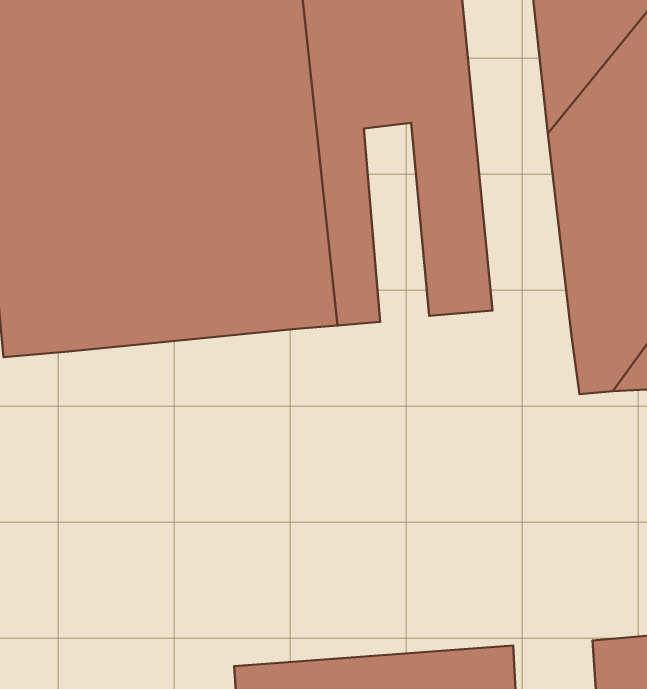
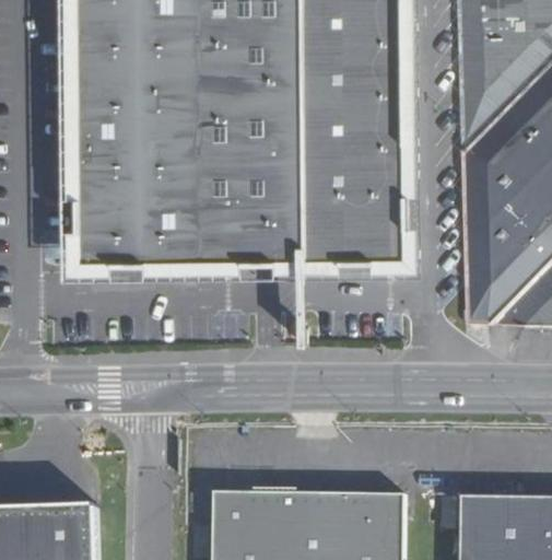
building: none -> [334,128,368,284]

